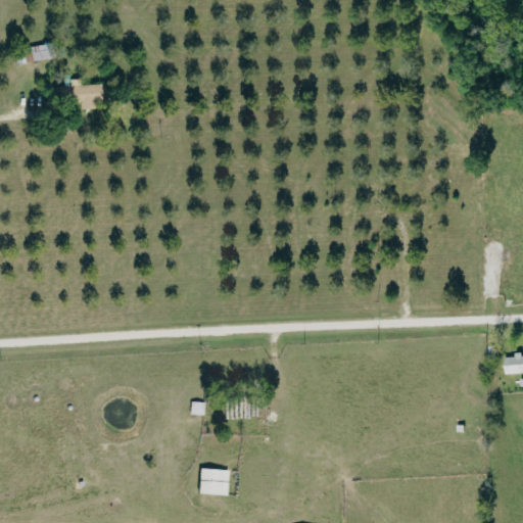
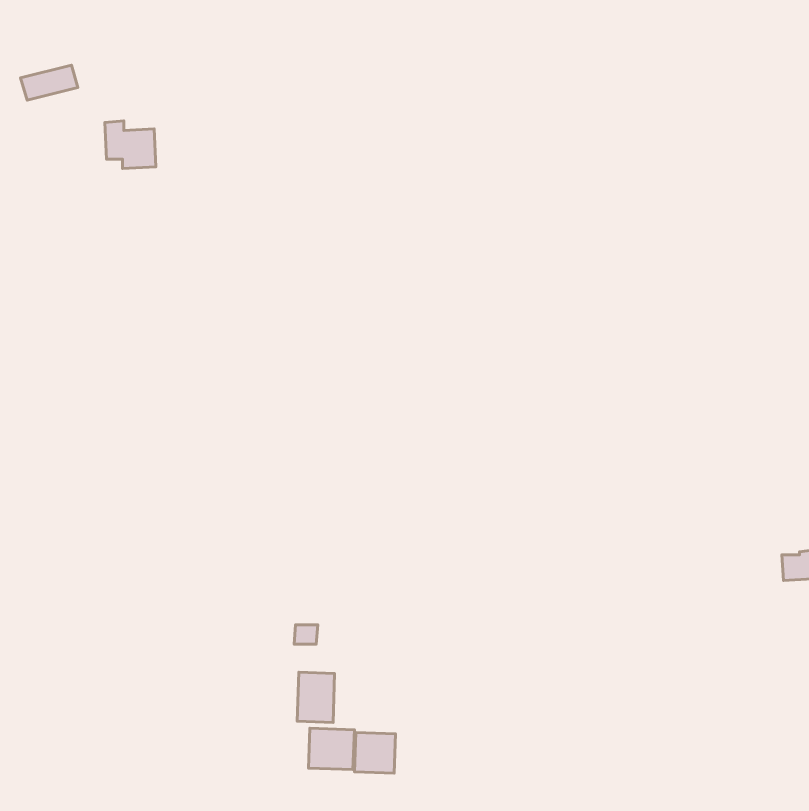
building: none -> [297,672,335,723]
building: none -> [354,732,396,773]

